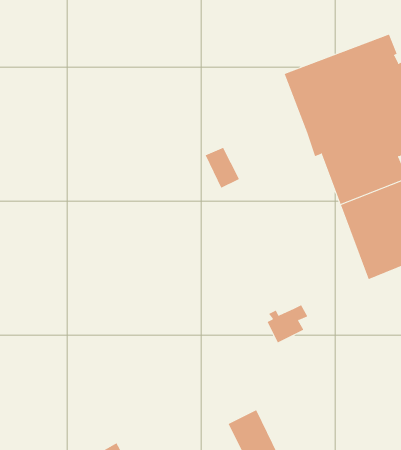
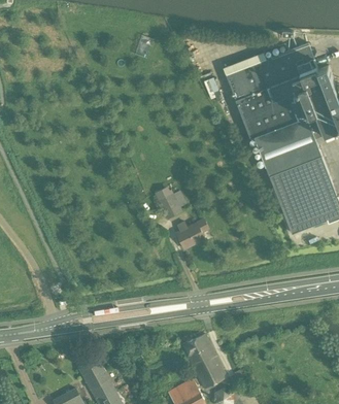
building: [205,147,240,189] -> [156,187,182,218]
building: [267,304,308,343] -> [177,218,209,248]

